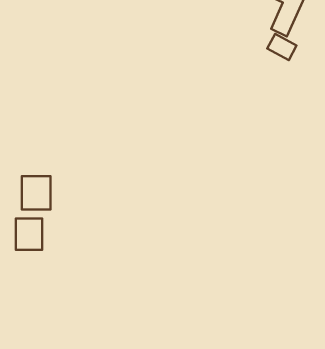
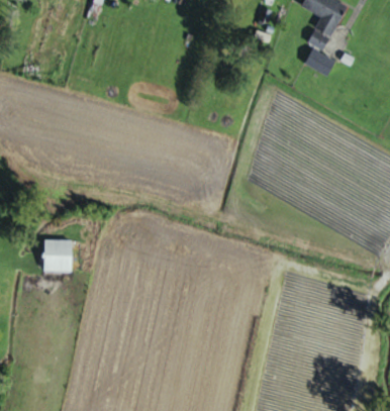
building: [22,176,50,209] -> none

